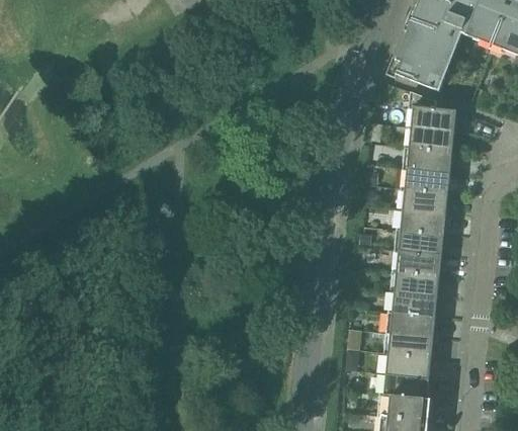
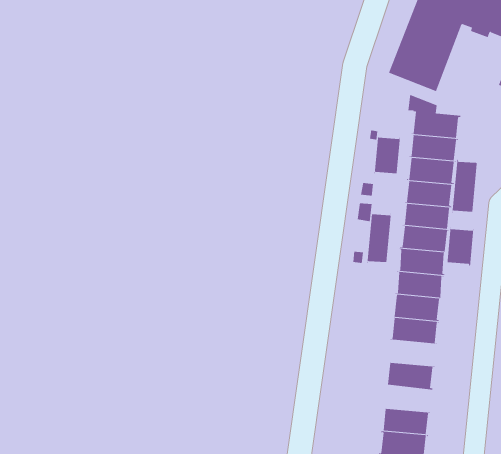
building: none -> [374,135,401,176]
building: none -> [452,158,478,215]
building: none -> [367,211,392,266]
building: none -> [447,226,474,267]
building: [390,314,435,338] -> none
building: [385,354,431,379] -> none

